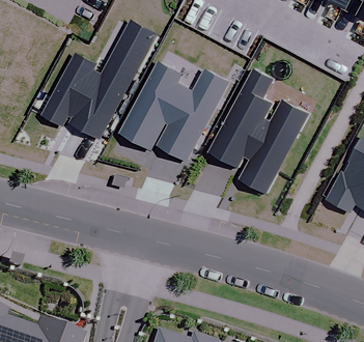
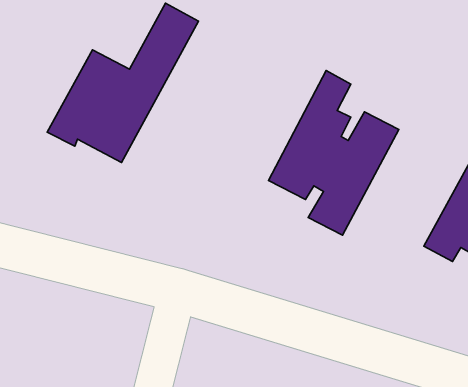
building: [119,64,228,163] -> none

